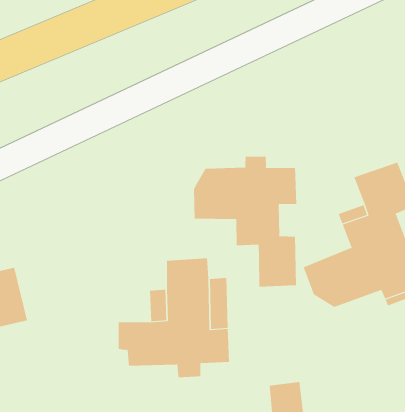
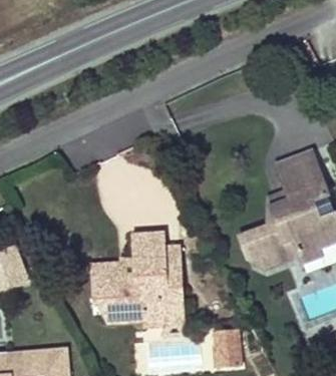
building: [194,156,297,287] -> none

